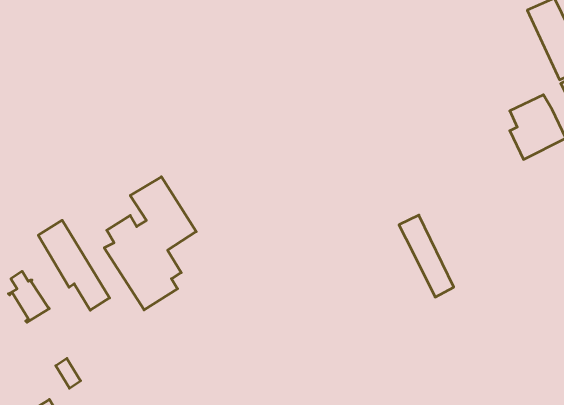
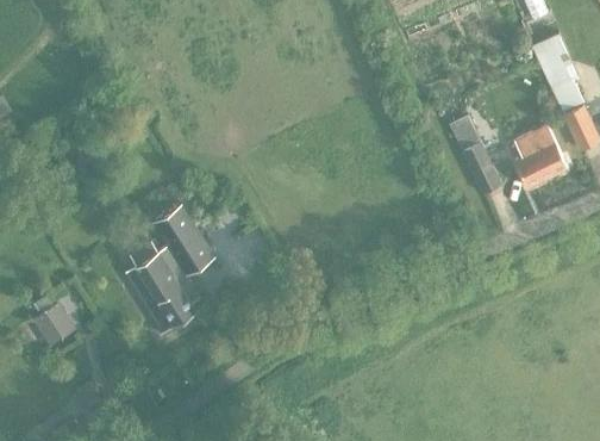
building: [399,215,454,297] -> [450,116,502,194]
building: [38,220,110,310] -> none

